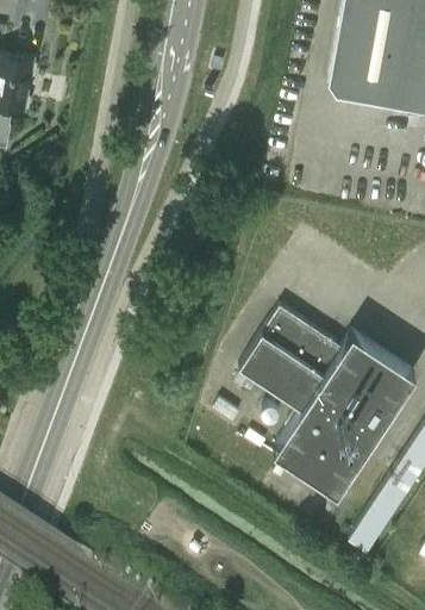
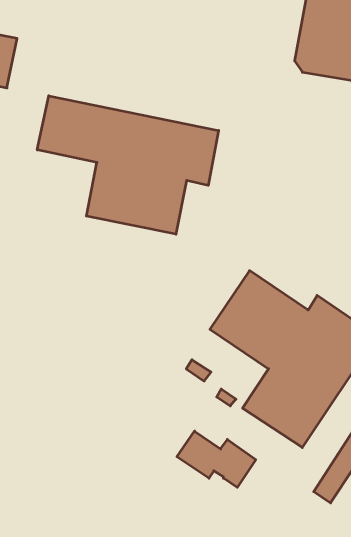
building: none -> [37,96,219,234]
building: none -> [177,431,256,487]

